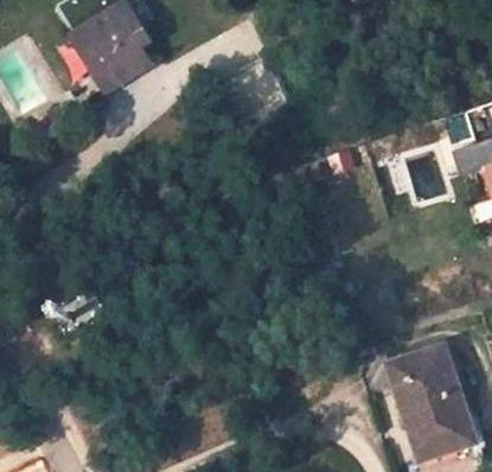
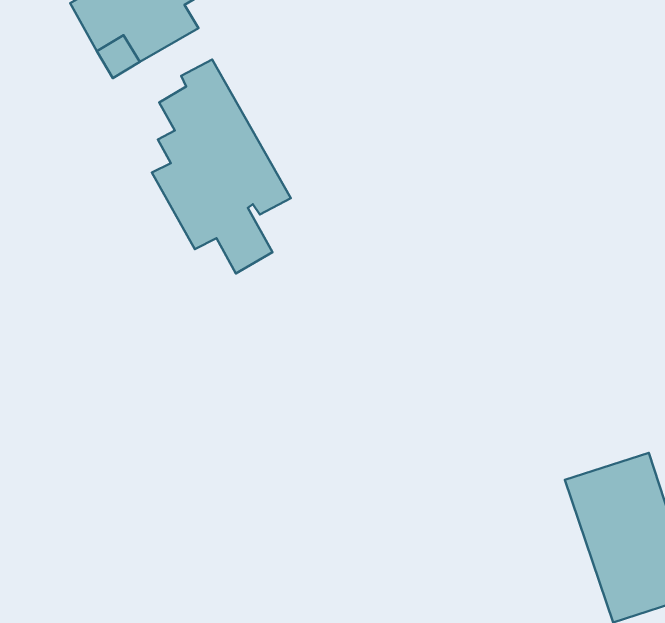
building: none -> [152,60,291,274]

